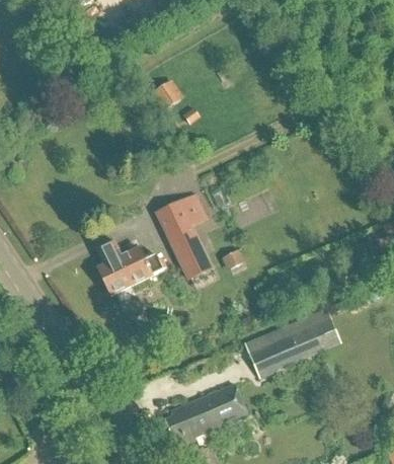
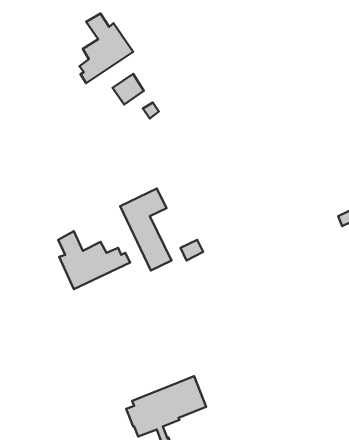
building: none -> [80,14,133,83]
building: [244,308,340,378] -> none

